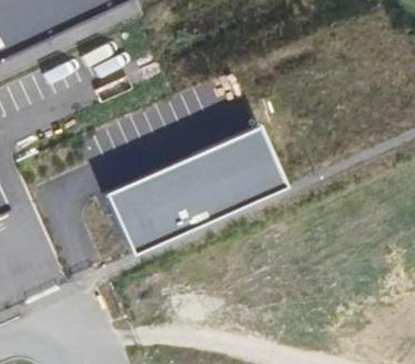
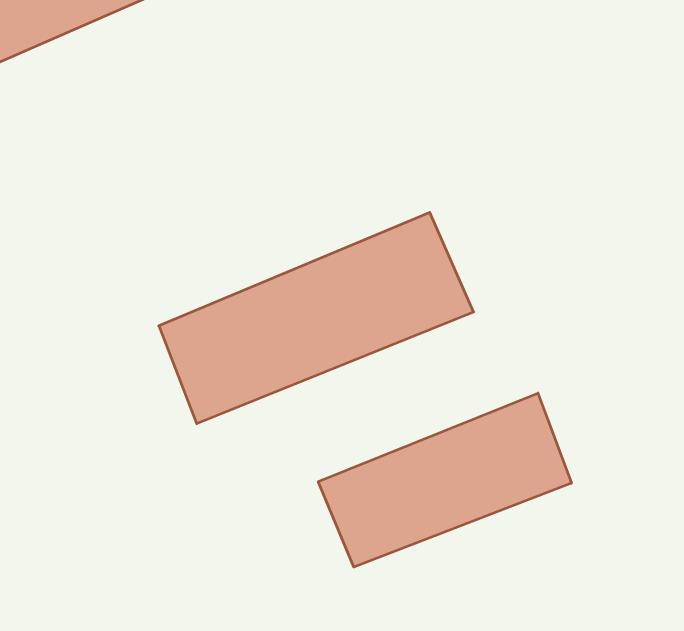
building: none -> [318,393,571,567]

